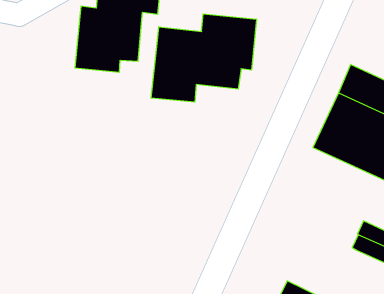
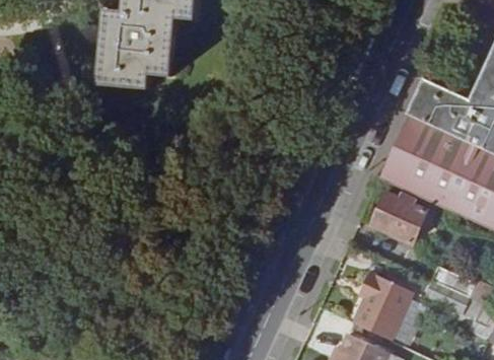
building: [151,14,256,102] -> none
building: none -> [372,192,427,241]
building: none -> [353,275,411,339]

